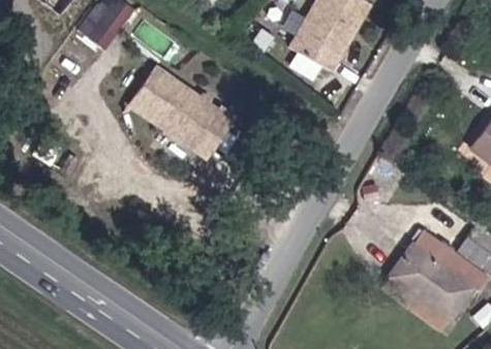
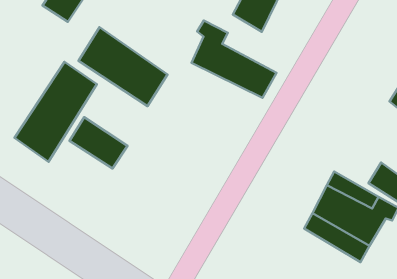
building: none -> [192,20,276,98]
building: none -> [14,62,97,162]
building: none -> [69,117,128,169]

